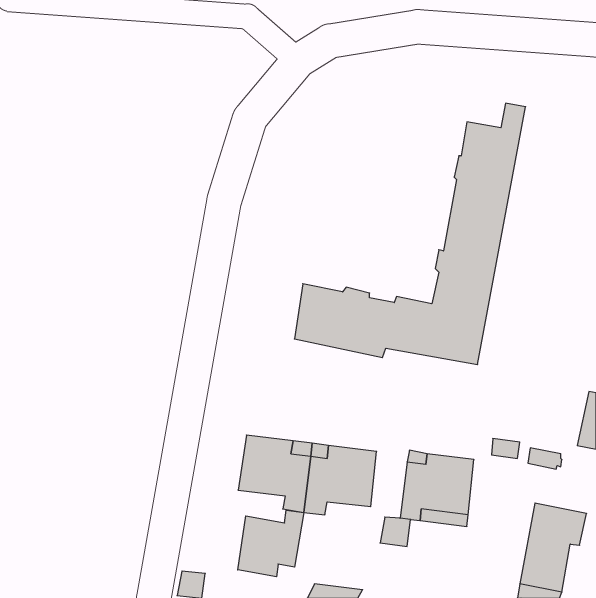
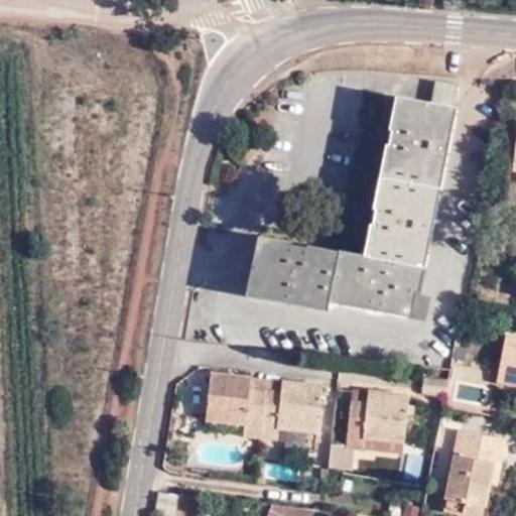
building: [238,510,304,577] -> none

